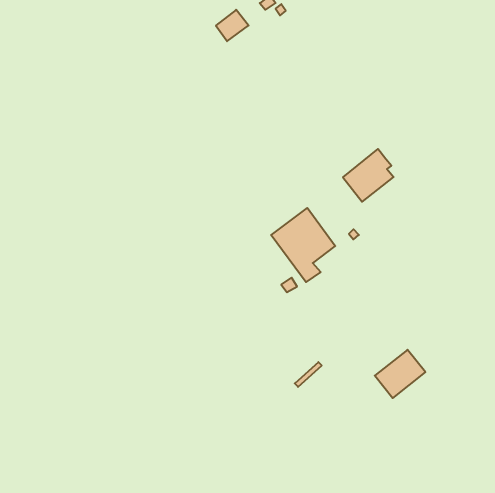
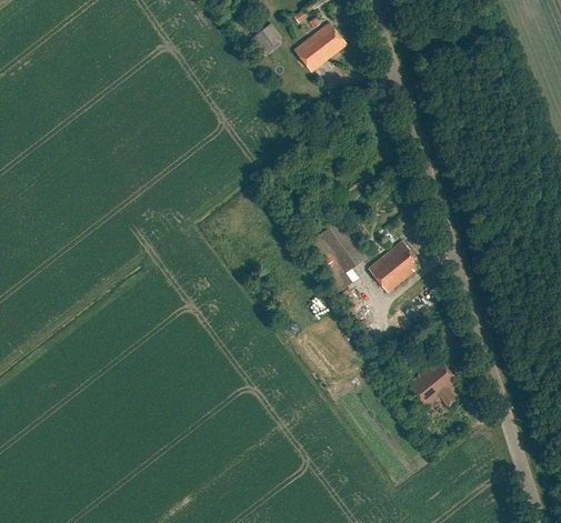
building: none -> [293,24,345,72]
building: [343,149,394,202] -> [368,240,418,292]

